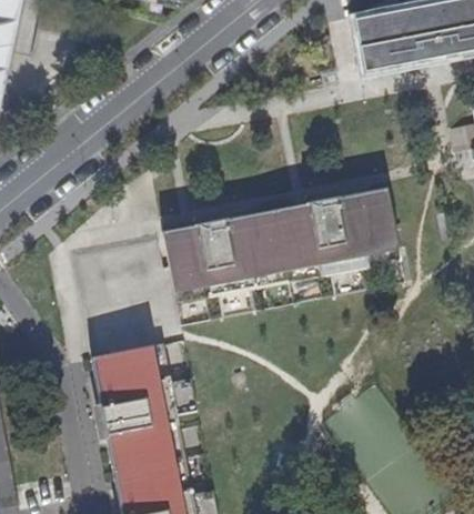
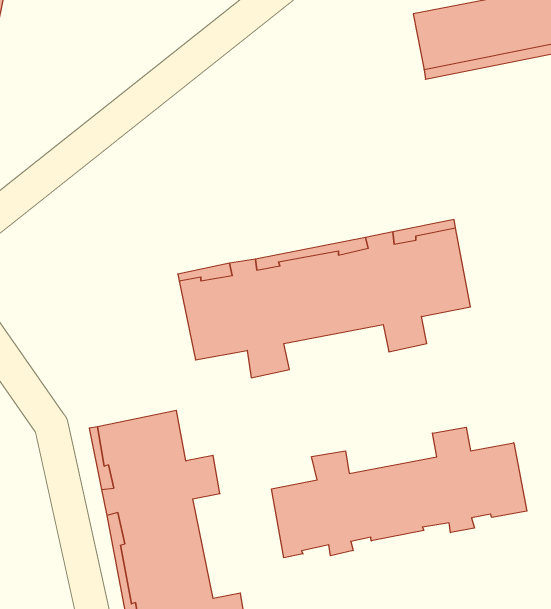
building: none -> [272,427,527,558]

